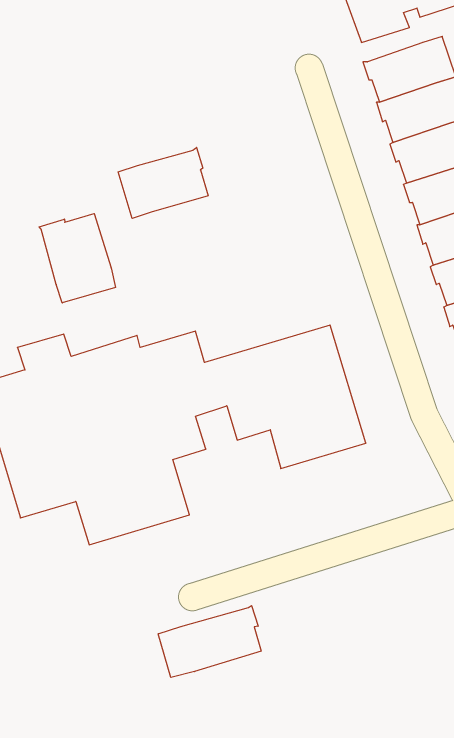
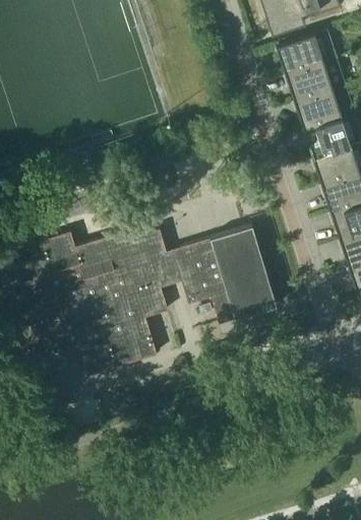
building: [118,147,208,218] -> none
building: [39,214,115,303] -> none
building: [158,606,261,677] -> none

